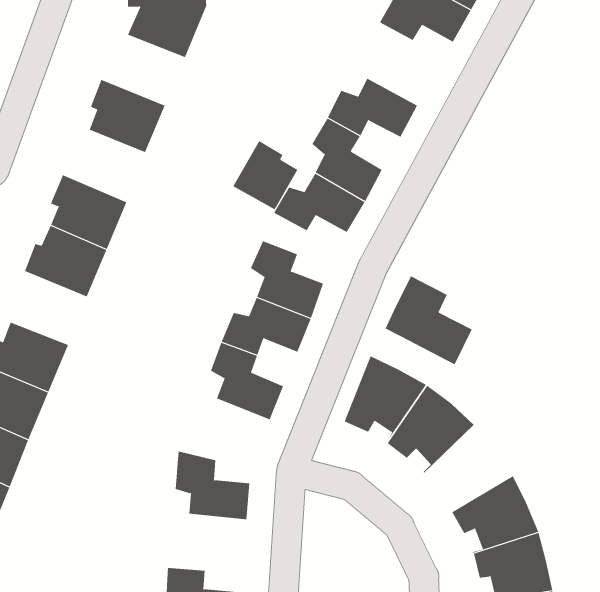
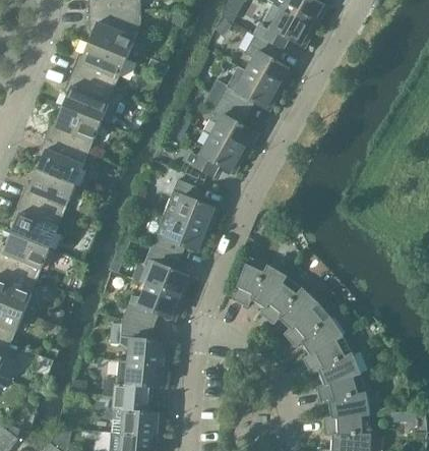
building: none -> [245,35,292,90]
building: none -> [70,43,126,90]
building: none -> [45,106,100,154]
building: [232,140,298,210] -> none
building: none -> [10,201,61,248]
building: [385,276,473,365] -> none
building: none -> [121,284,182,325]
building: none -> [284,301,343,359]
building: none -> [114,360,167,398]

